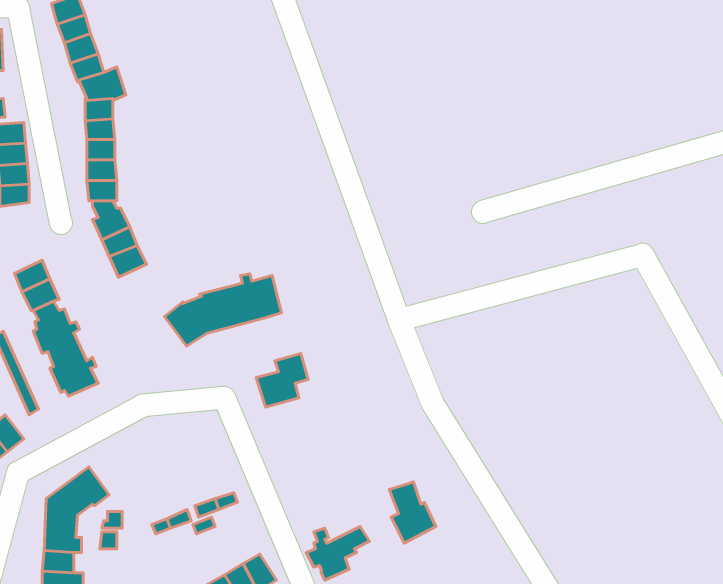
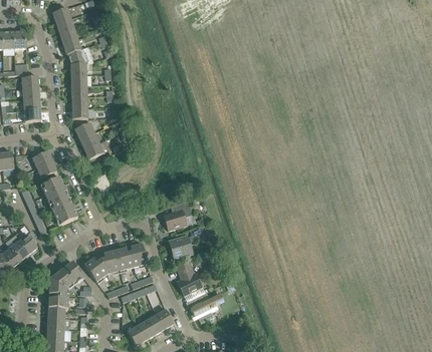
building: [164,274,281,346] -> [83,242,147,281]
building: none -> [170,227,202,258]
building: [389,482,436,543] -> [176,262,201,295]

